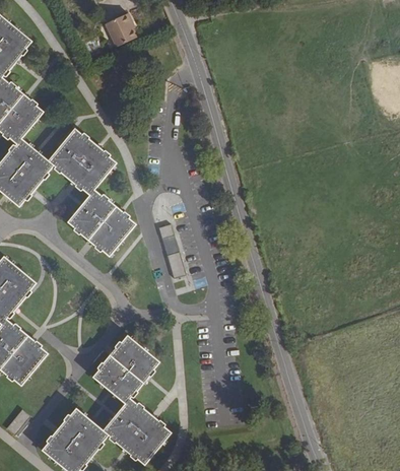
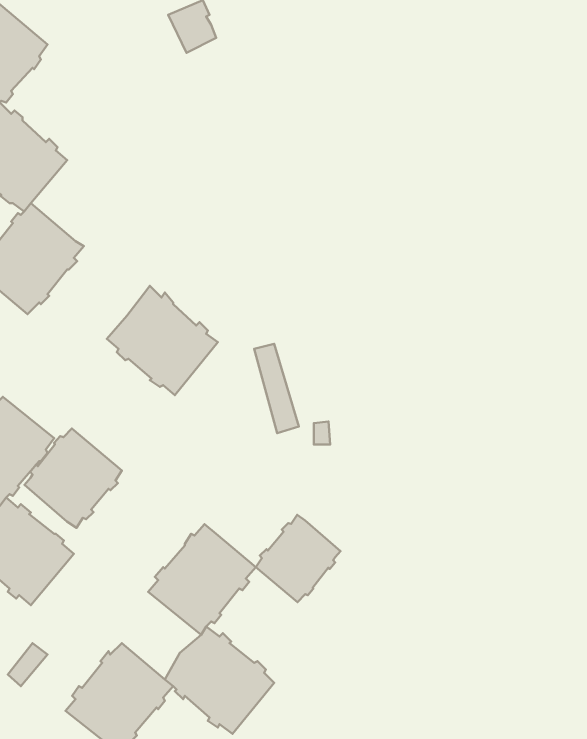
building: [48,129,115,194] -> none
building: none -> [25,429,122,528]
building: none -> [256,515,340,602]

